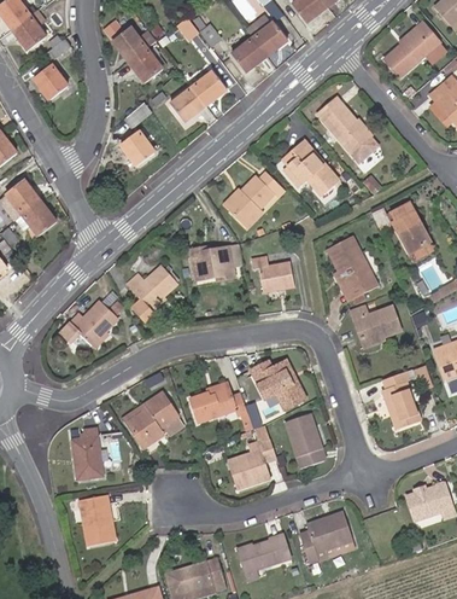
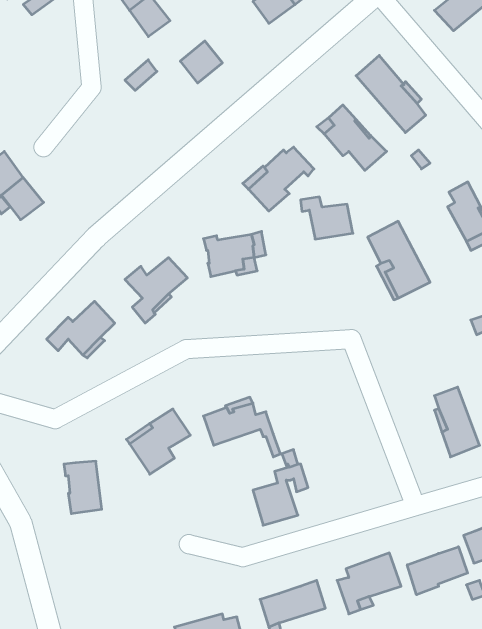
building: [33,64,68,100] -> none
building: [191,70,225,104] -> none
building: [121,130,154,165] -> none
building: [250,256,293,291] -> [301,197,353,239]
building: [348,307,400,349] -> none
building: [251,359,307,409] -> none
building: [286,414,323,469] -> none
building: [81,494,116,543] -> none
building: none -> [407,547,468,595]

